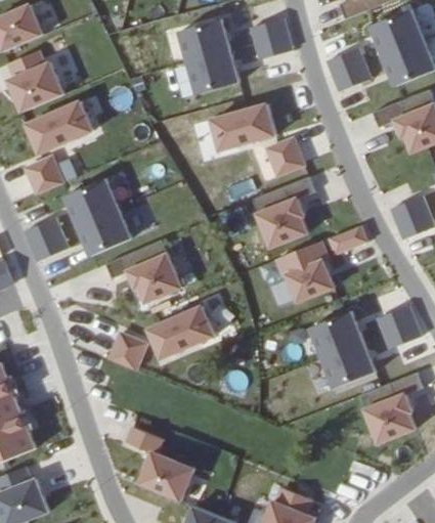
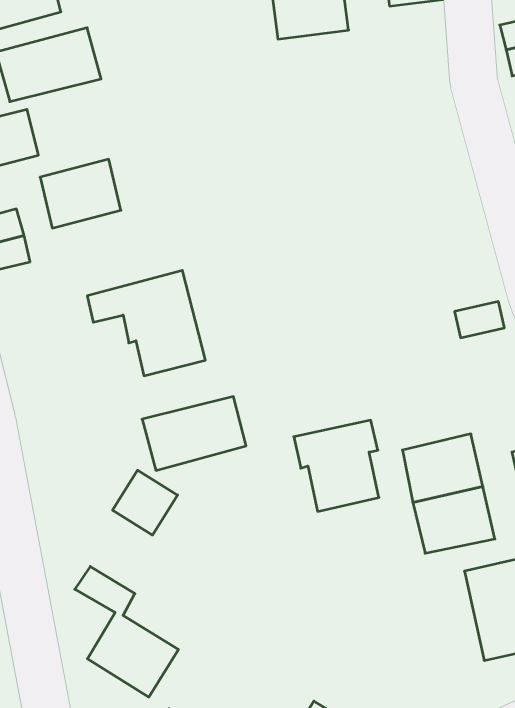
building: [211,102,274,149] -> none
building: [266,137,303,175] -> none
building: [251,176,314,251] -> none
building: [77,208,130,255] -> none
building: [275,241,333,301] -> [294,420,379,511]
building: [106,332,144,369] -> [113,470,178,535]

